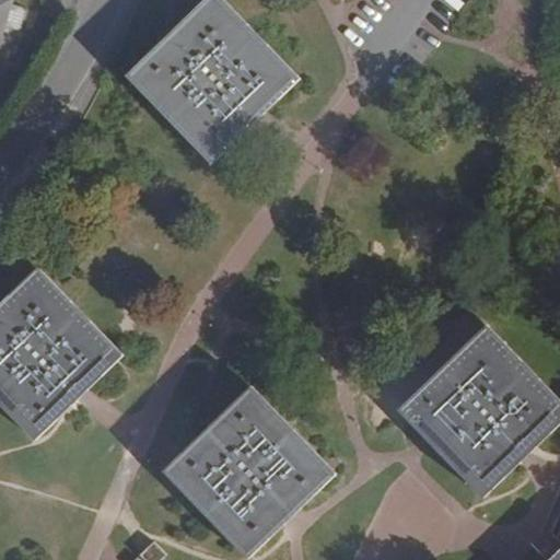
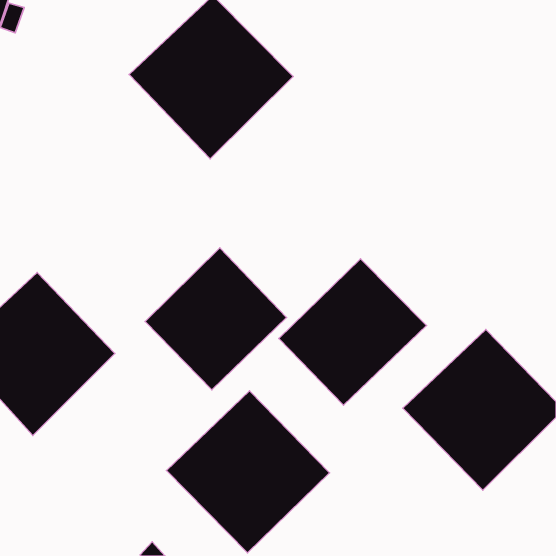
building: none -> [145,248,286,390]
building: none -> [279,259,426,405]

